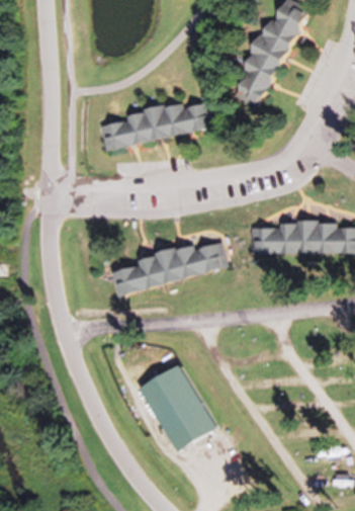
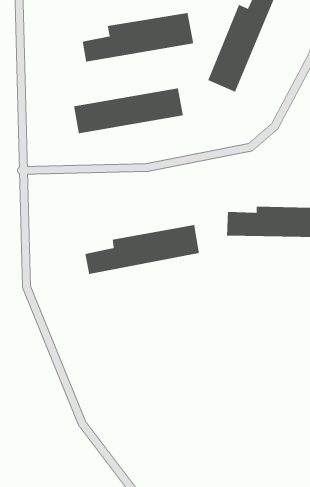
building: none -> [82,12,194,62]
building: [138,363,214,450] -> none

